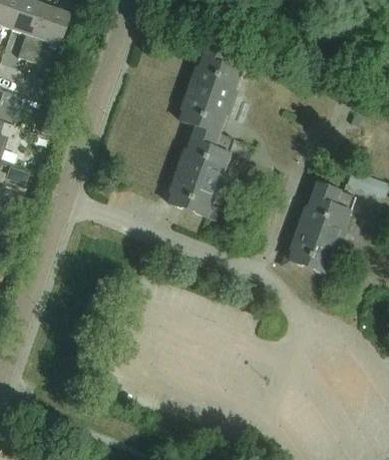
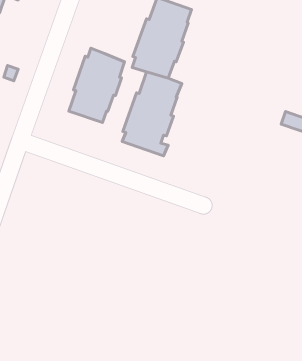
building: none -> [69,48,125,122]
building: [291,182,357,274] -> none

